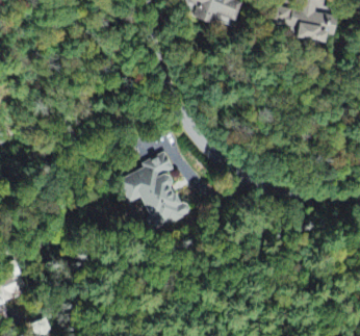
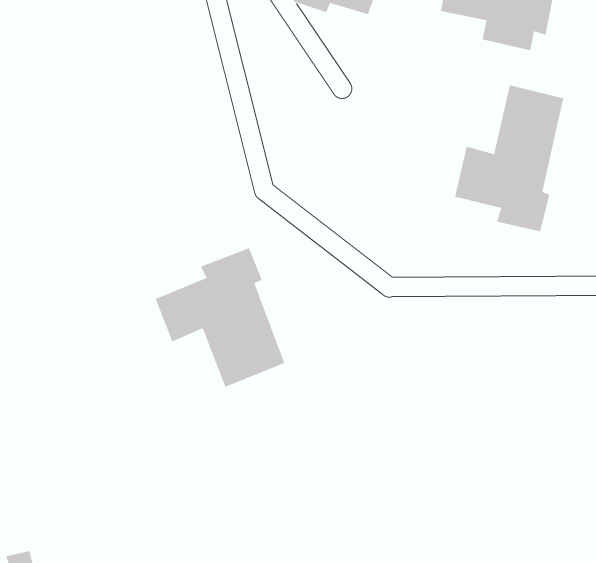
building: none -> [455,84,564,232]

